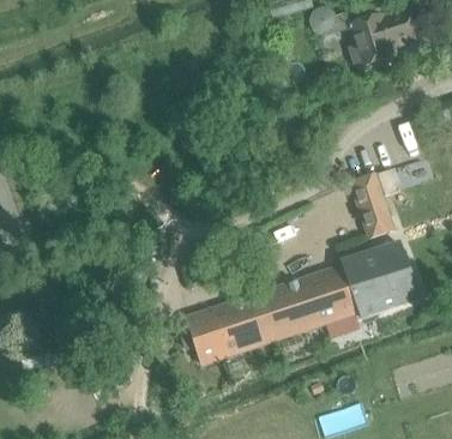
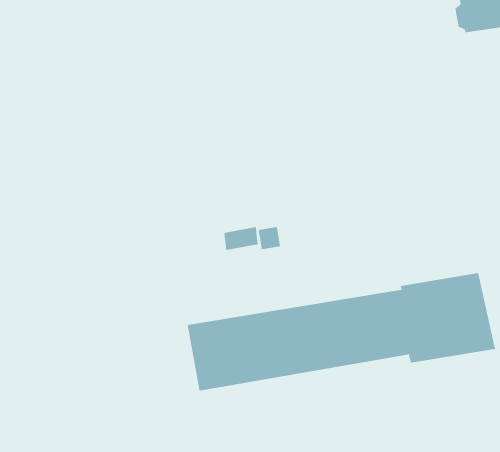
building: [349,175,393,236] -> none

